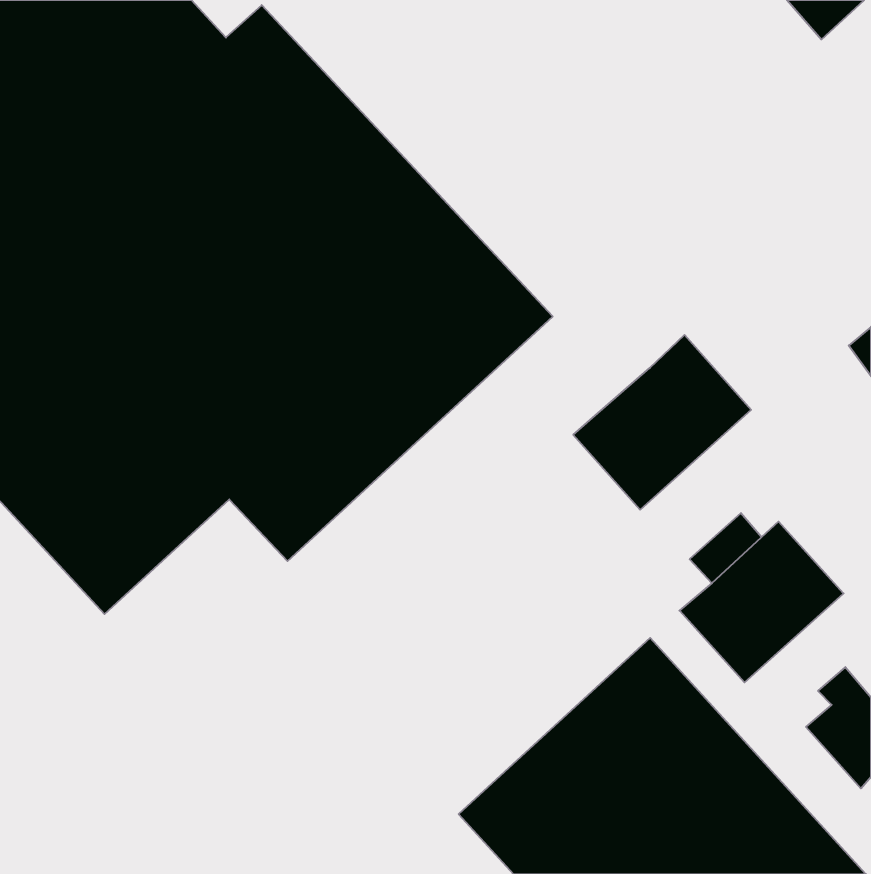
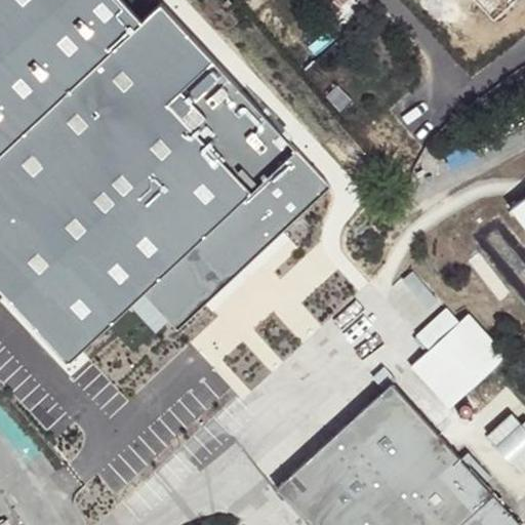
building: [573,335,751,510] -> none

